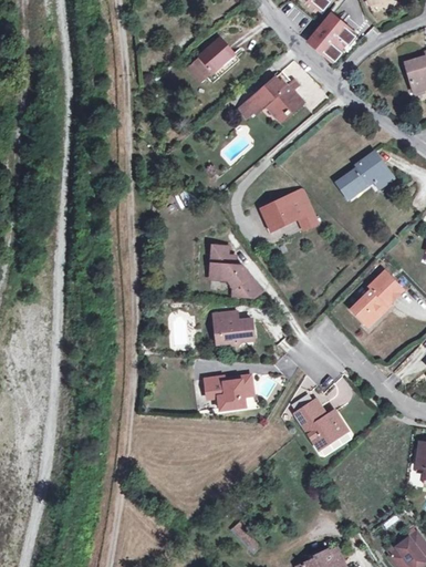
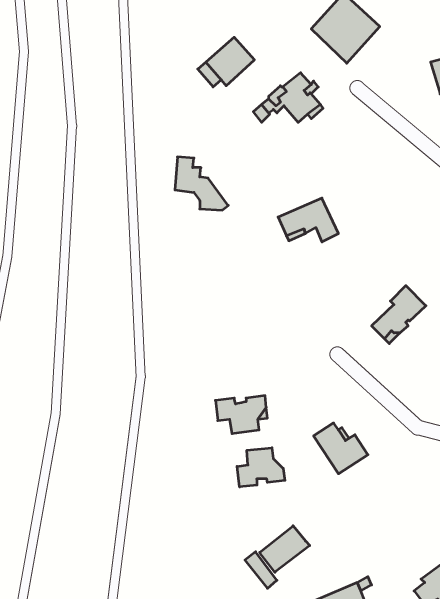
building: [337,153,393,198] -> none
building: [210,246,260,296] -> [175,157,228,210]
building: [214,312,252,348] -> none
building: none -> [237,448,285,487]
building: none -> [260,526,310,572]

